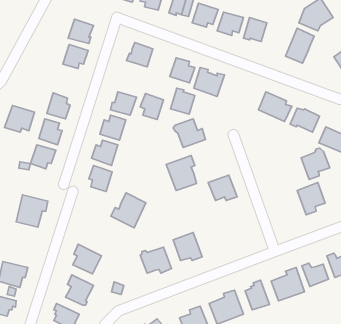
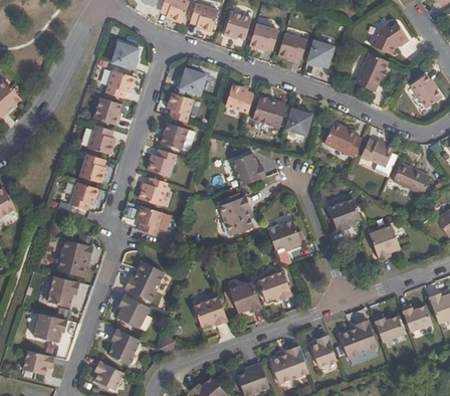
building: none -> [94,97,121,126]
building: [170,88,195,114] -> [284,108,311,137]
building: [140,93,164,119] -> [167,93,193,123]
building: [5,105,34,132] -> none
building: [301,148,330,179] -> [327,194,360,229]
building: [111,193,146,228] -> [124,261,163,301]
building: none -> [257,272,290,302]
building: none -> [45,276,78,307]

